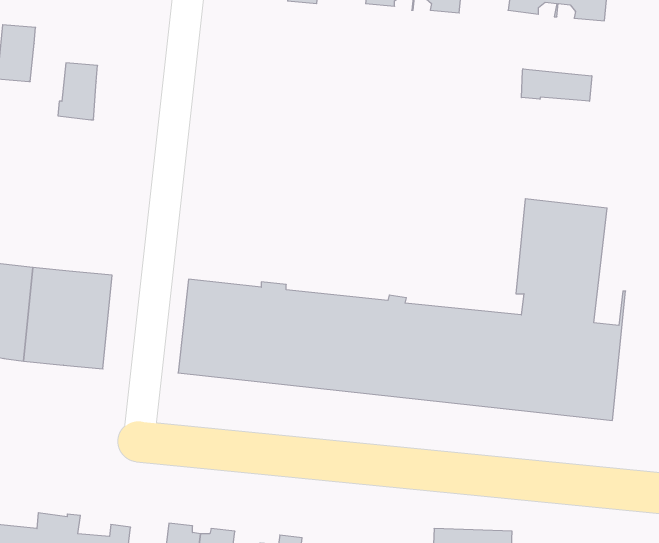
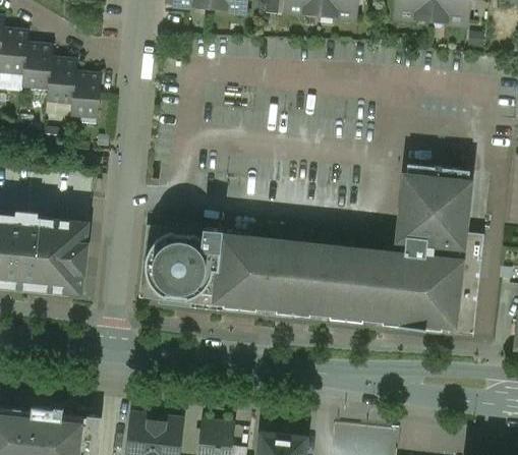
building: none -> [22,43,53,88]
building: [521,69,592,101] -> none
building: none -> [70,72,101,116]

